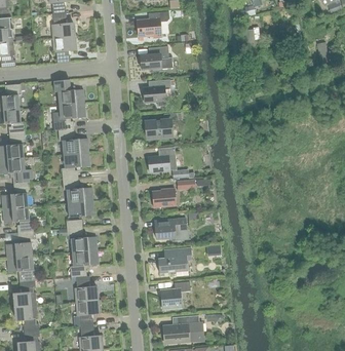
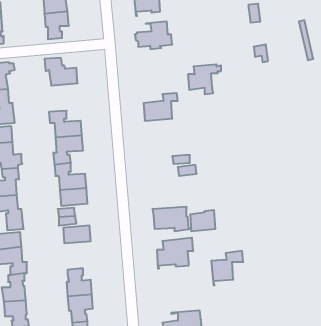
building: [143,78,174,106] -> [188,64,221,94]
building: [52,103,85,129] -> none
building: [149,147,176,170] -> none
building: [152,187,176,206] -> [190,210,215,231]
building: [70,249,99,276] -> none
building: [160,280,190,312] -> [211,251,243,285]

